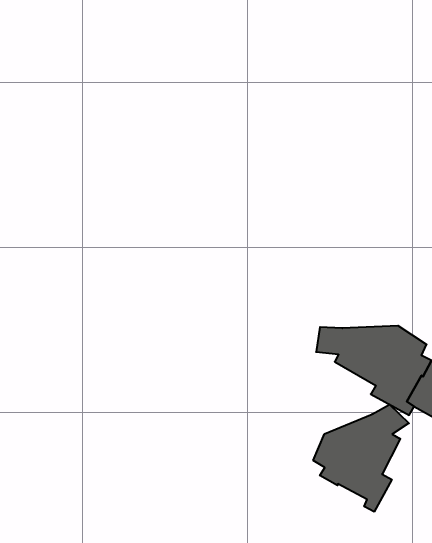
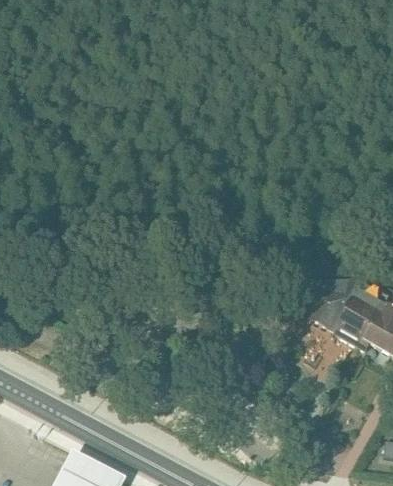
building: [313,404,409,512] -> none

